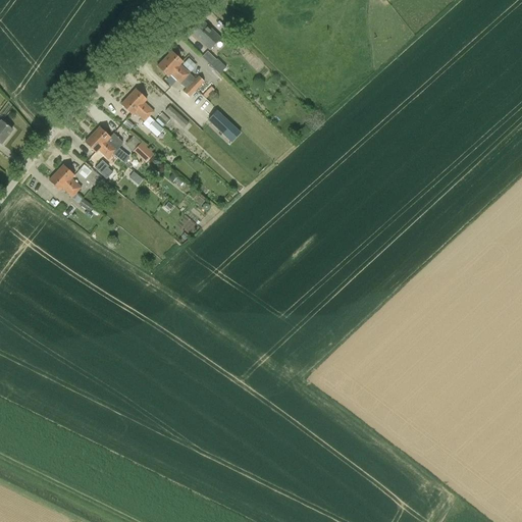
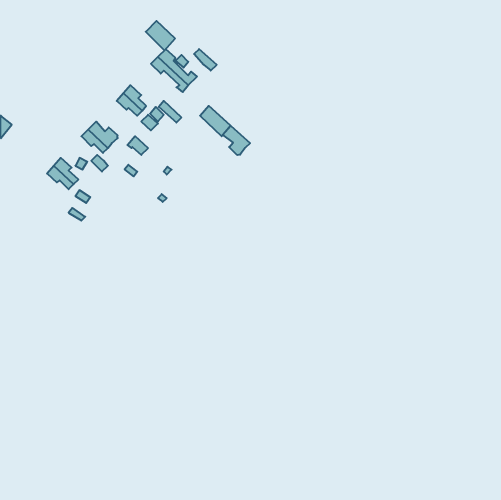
building: [190,19,220,50] -> [146,21,175,50]
building: none -> [223,126,250,155]

